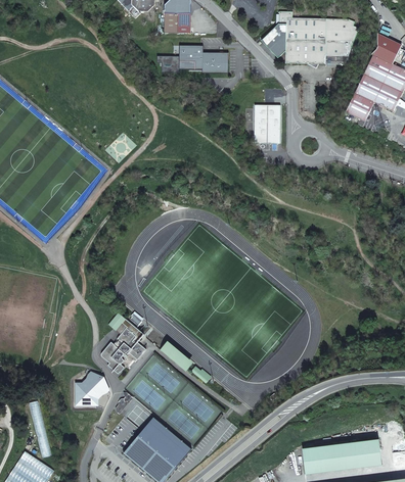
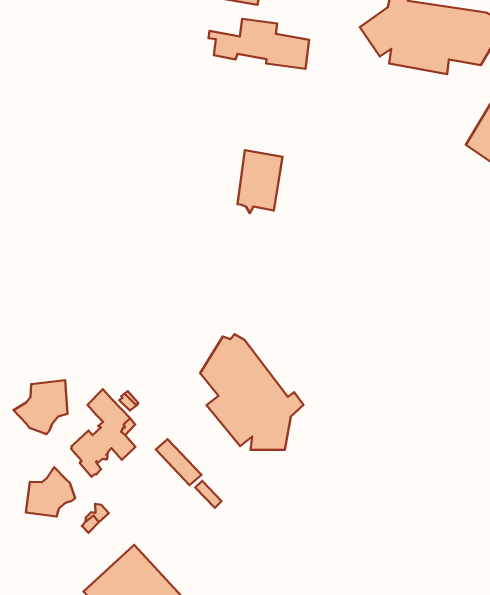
building: [255,105,281,148] -> [238,150,282,213]
building: none -> [200,334,303,450]
building: none -> [14,380,68,434]

